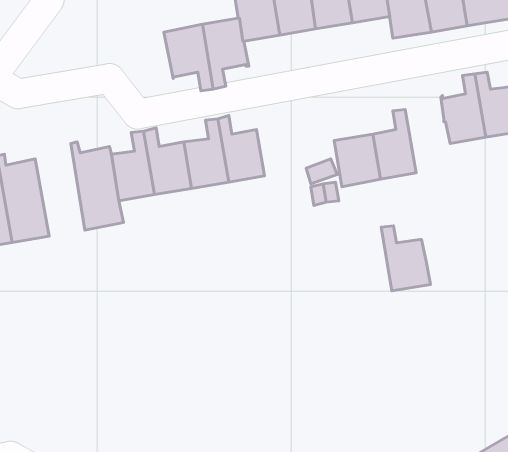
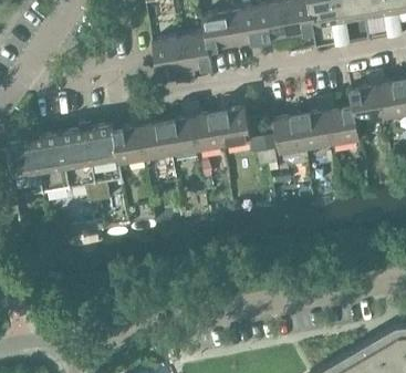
building: none -> [218,107,251,145]
building: none -> [60,122,95,188]
building: [381,226,431,291] -> [324,96,360,143]

